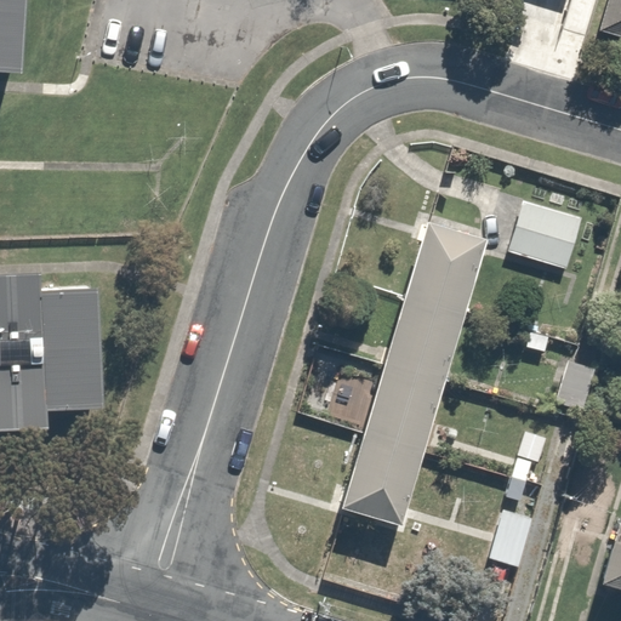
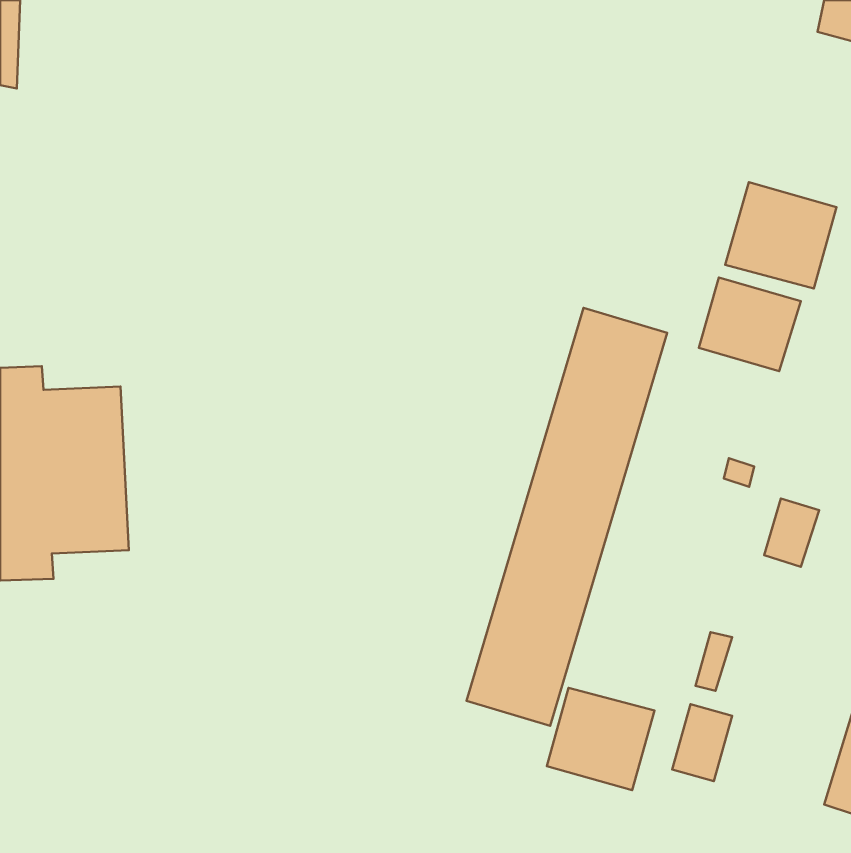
building: none -> [725,182,837,289]
building: none -> [547,688,655,790]

